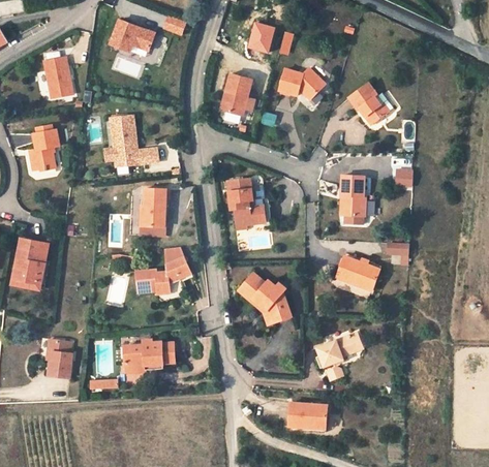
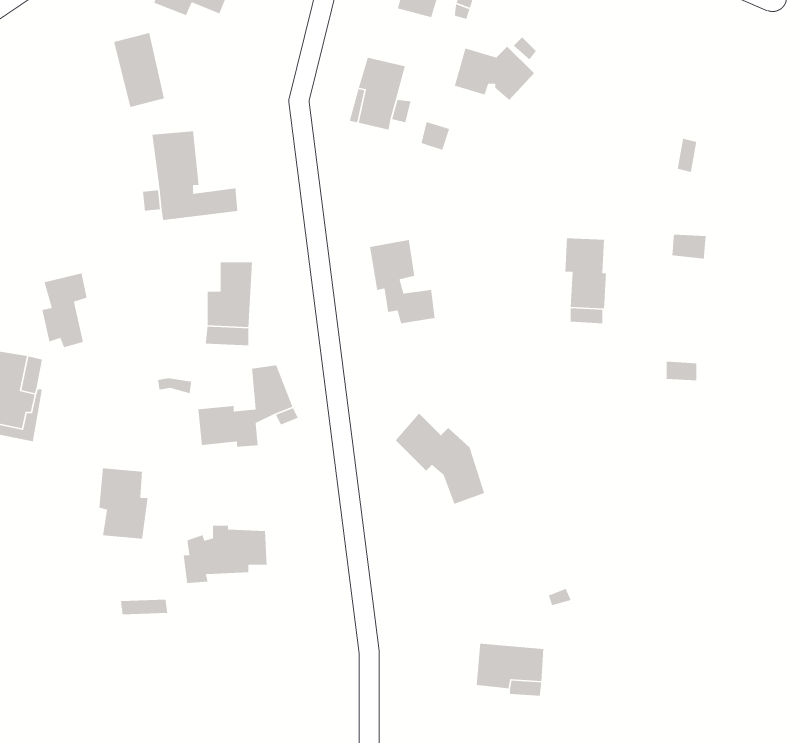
building: [41,56,70,98] -> [113,32,165,108]
building: [347,84,392,124] -> none
building: [32,129,58,172] -> [42,273,88,348]
building: [342,257,384,298] -> none
building: [43,336,71,376] -> [99,468,148,540]
building: [320,338,363,370] -> none

